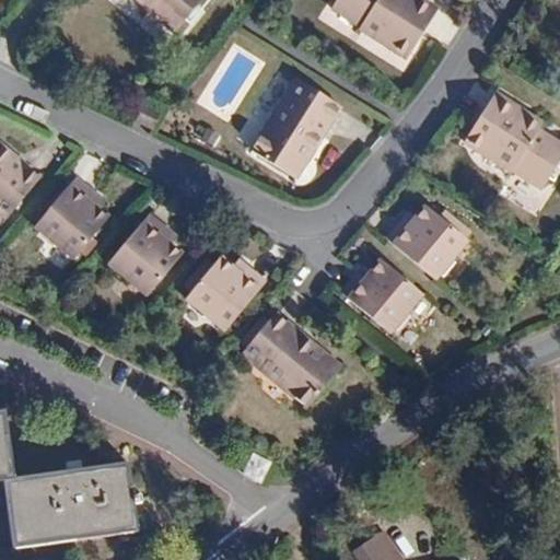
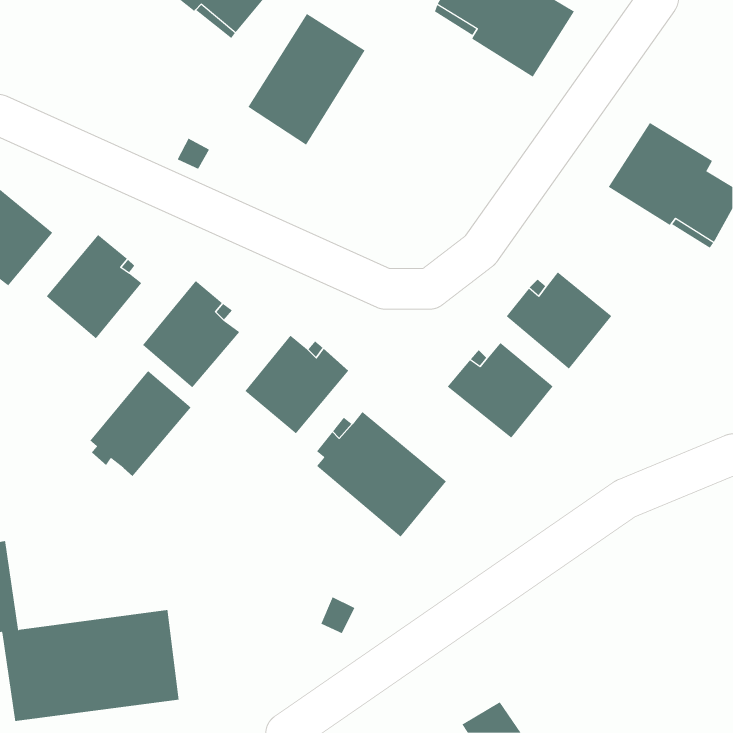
building: [249,79,339,179] -> [248,13,365,145]
building: none -> [89,370,191,477]

